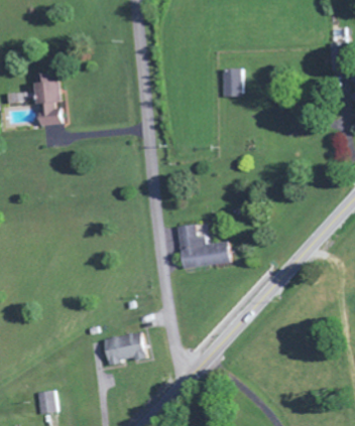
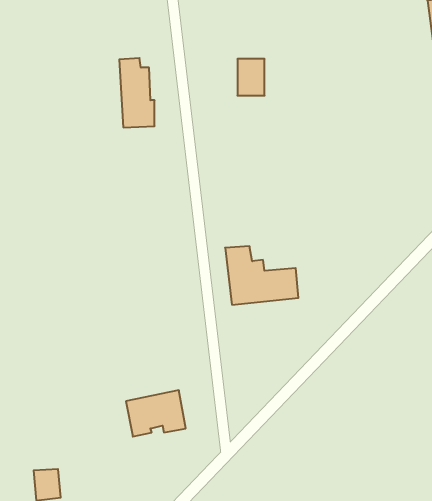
building: [223,68,243,96] -> [237,59,265,96]
building: [35,74,62,125] -> [119,58,155,127]

